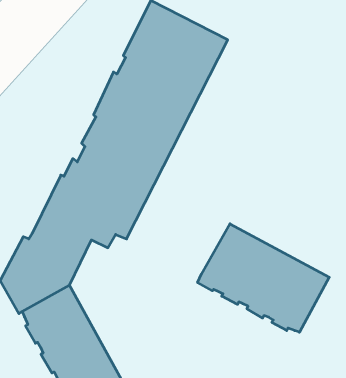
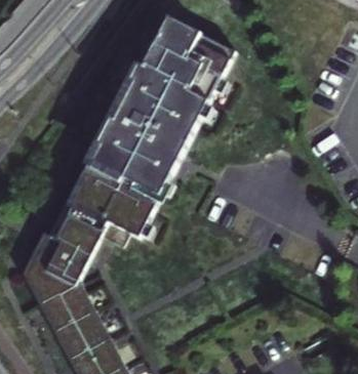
building: [198,224,329,332] -> none

